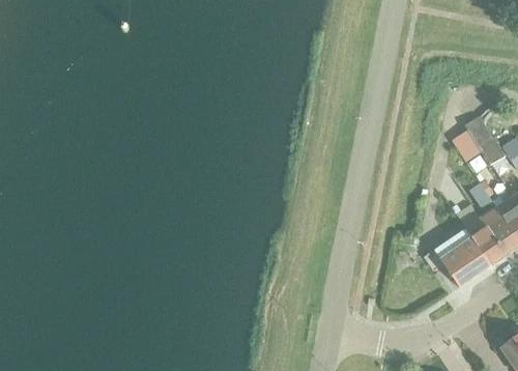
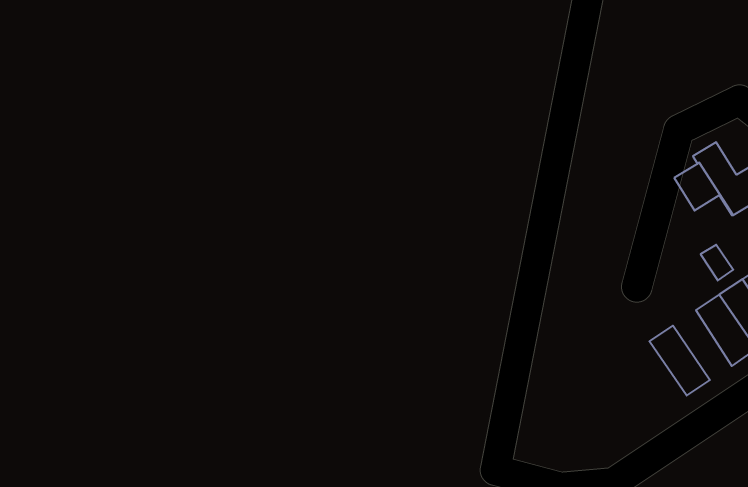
building: [451,227,490,274] -> none

